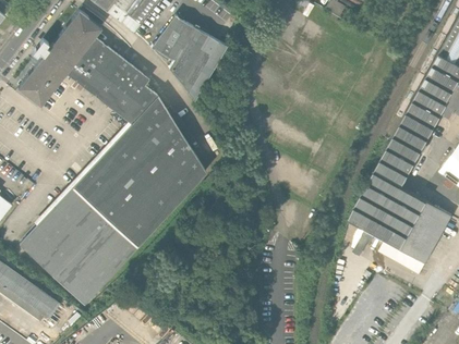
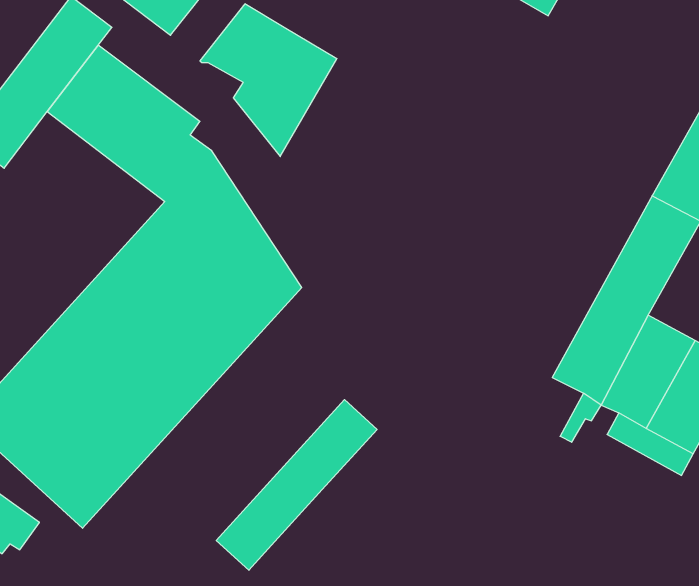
building: none -> [216,400,377,570]

